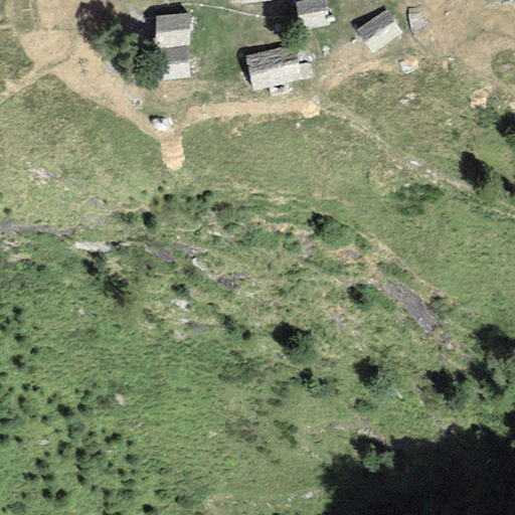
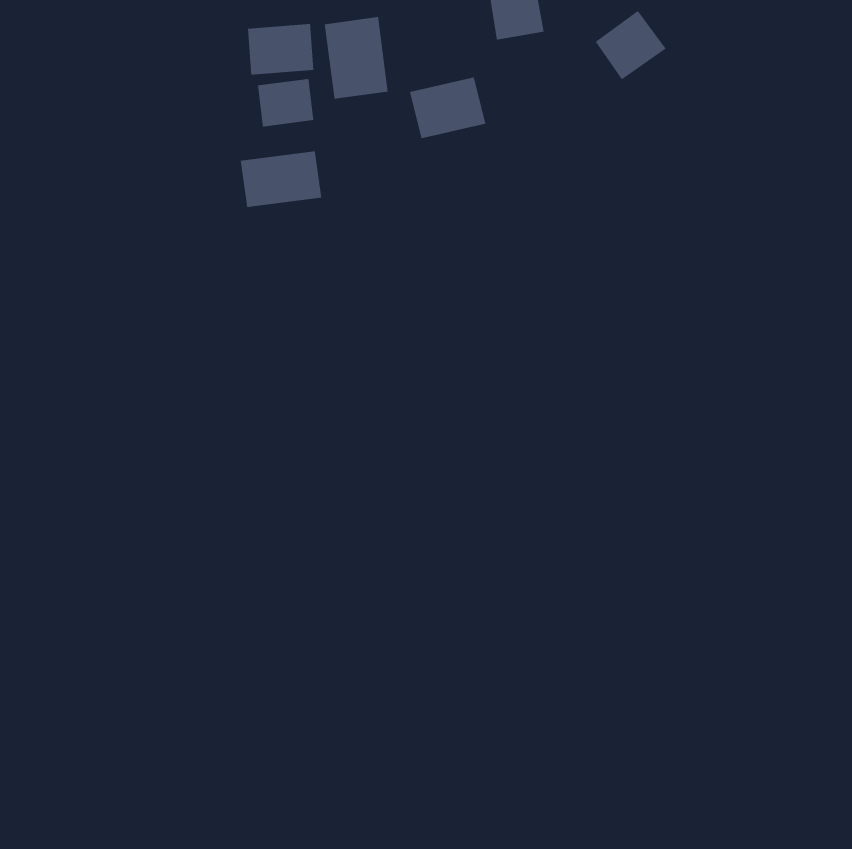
building: none -> [324,16,388,99]
building: none -> [240,150,322,208]

